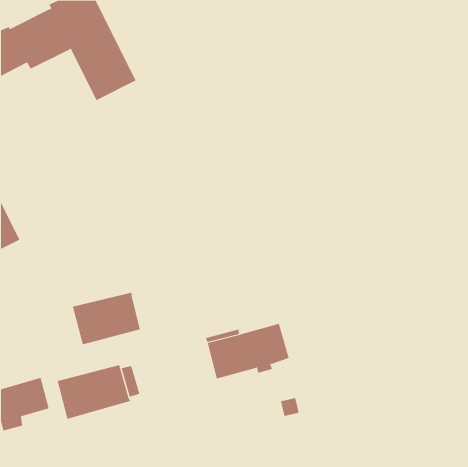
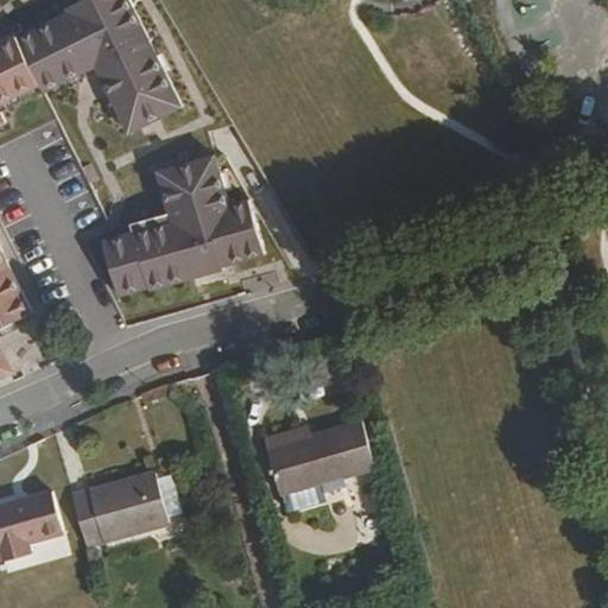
building: none -> [97,154,260,297]
building: [72,292,141,345] -> none

